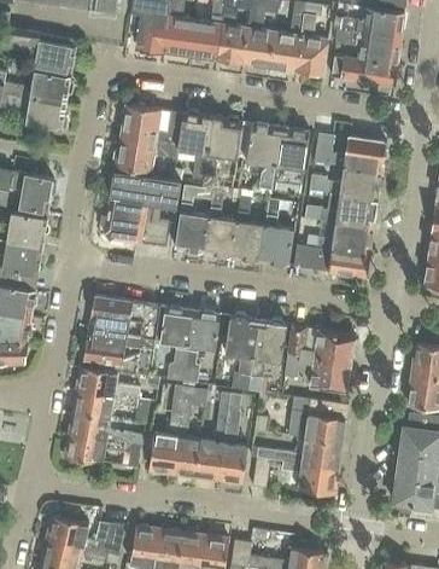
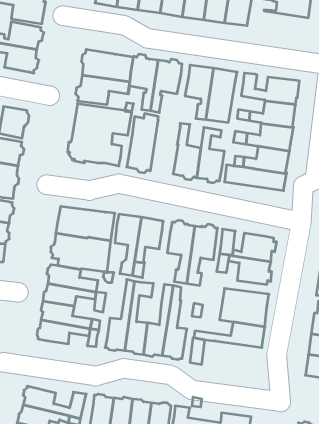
building: [329,56,396,86] -> none
building: [203,191,236,259] -> none
building: [280,460,339,494] -> none

